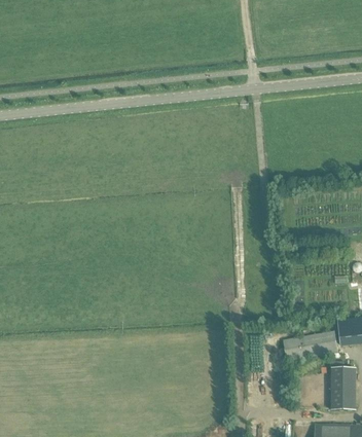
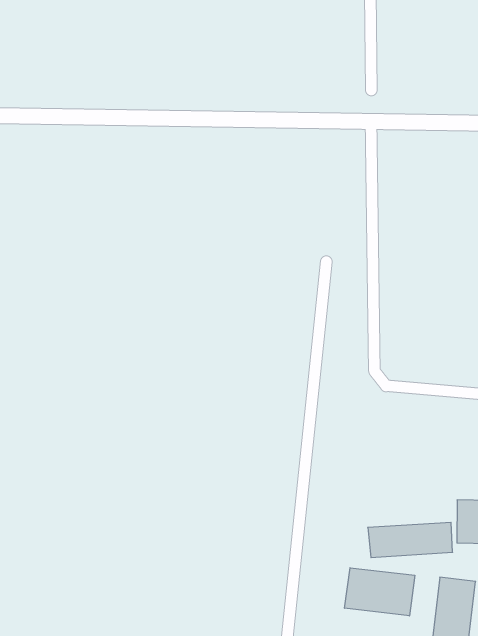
building: none -> [345,568,415,616]

